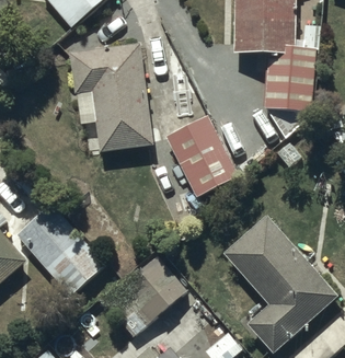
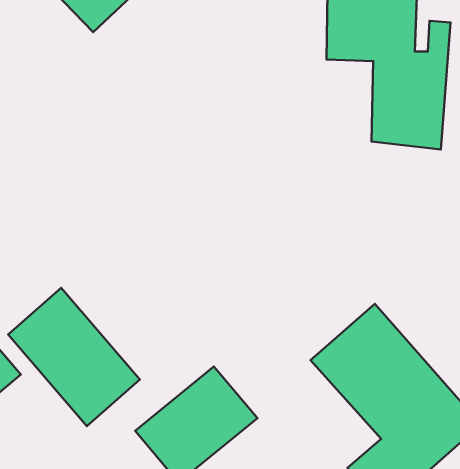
building: [69,43,153,152] -> none
building: [166,116,237,196] -> none

